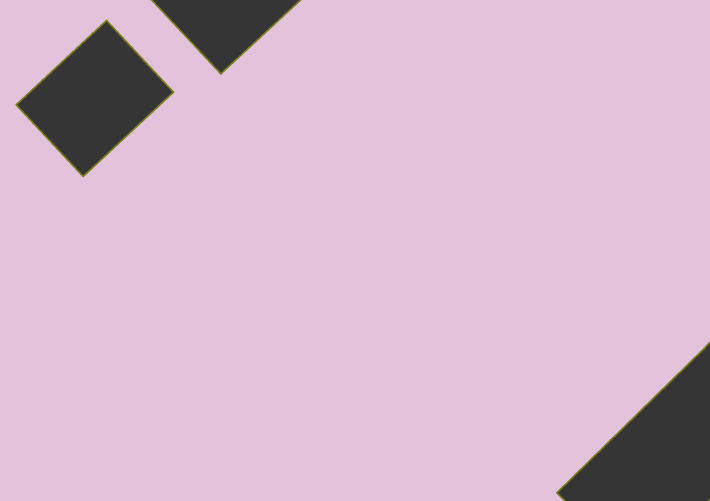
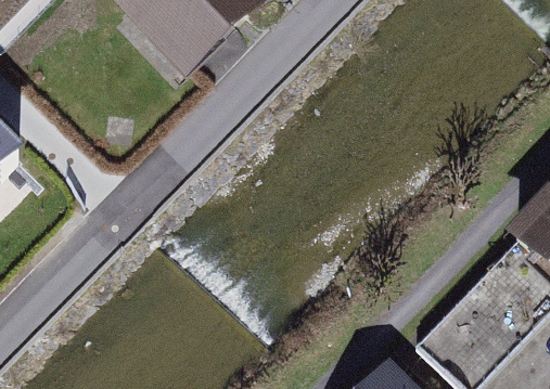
building: [16,20,174,176] -> none

